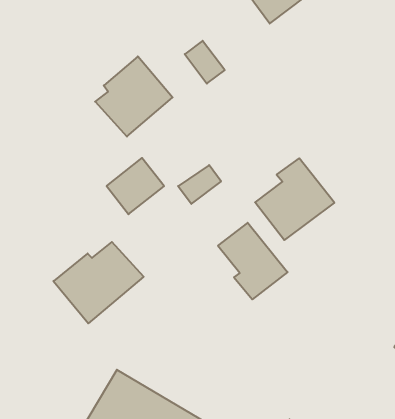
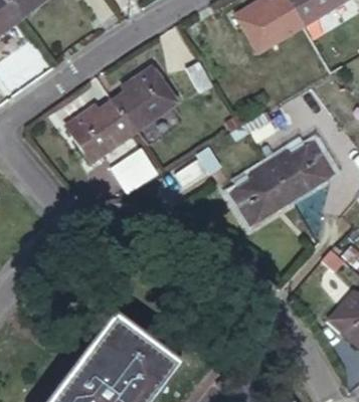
building: none -> [270,142,335,199]
building: [218,223,288,299] -> none
building: [53,242,144,323] -> [64,99,136,162]

